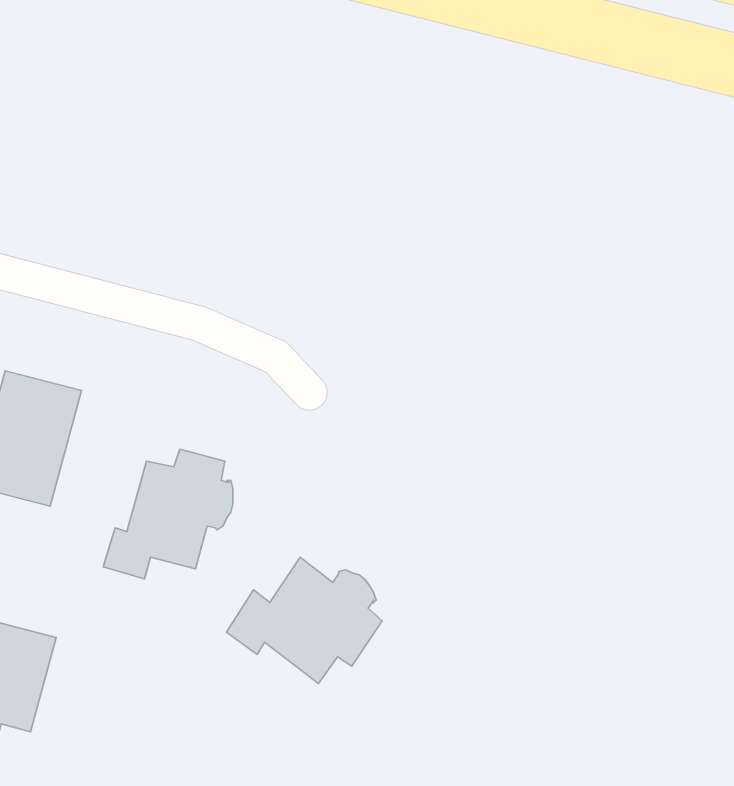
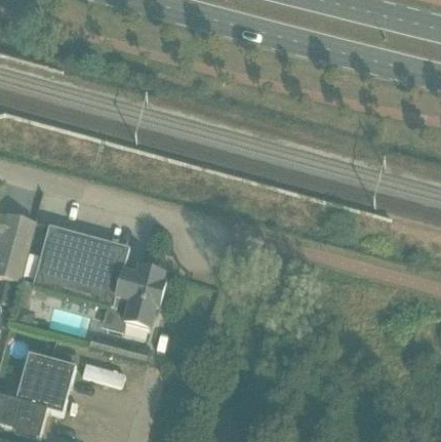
building: none -> [72,233,129,307]
building: [227,557,382,683] -> none

